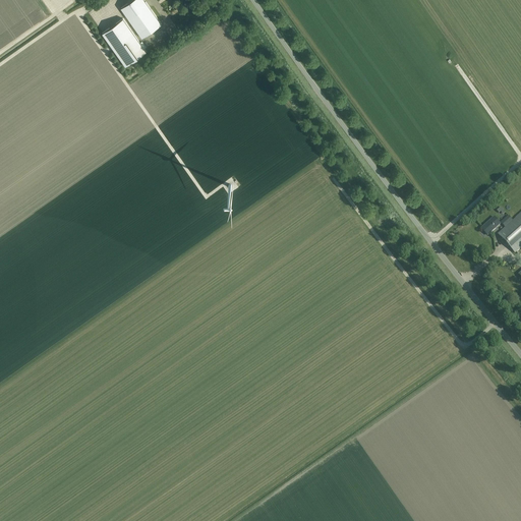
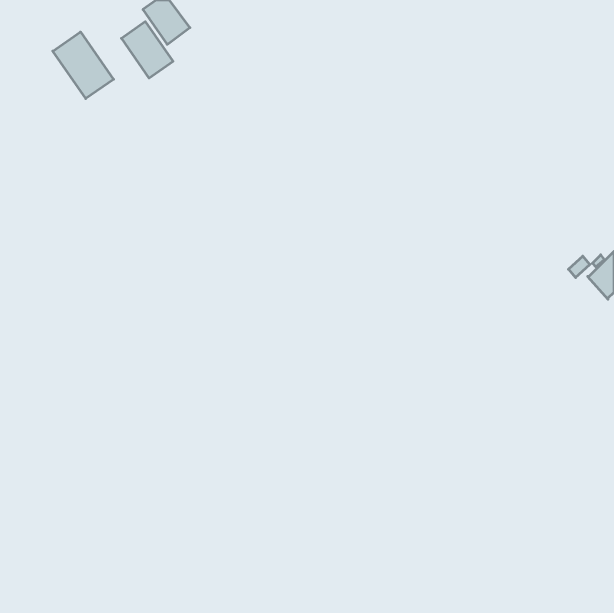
building: none -> [53,32,114,99]

